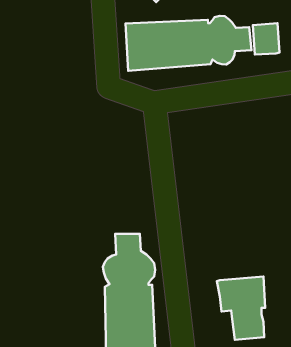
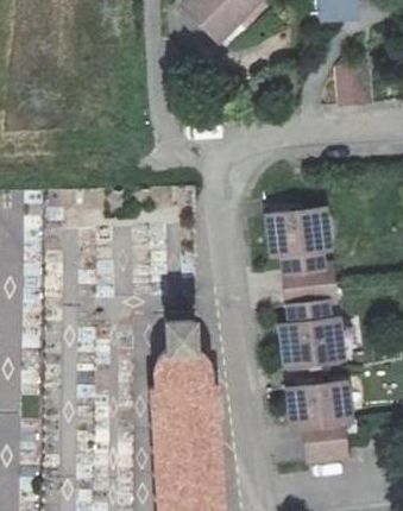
building: [126,16,251,71] -> none
building: none -> [278,204,347,364]

